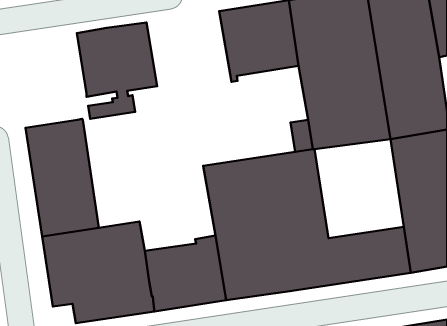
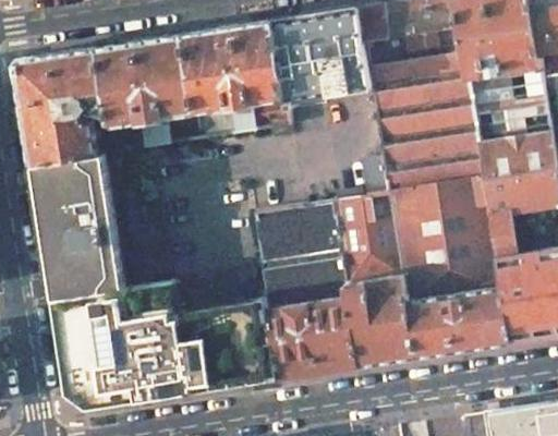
building: none -> [181,22,288,141]
building: none -> [15,49,107,166]
building: none -> [388,180,498,302]

